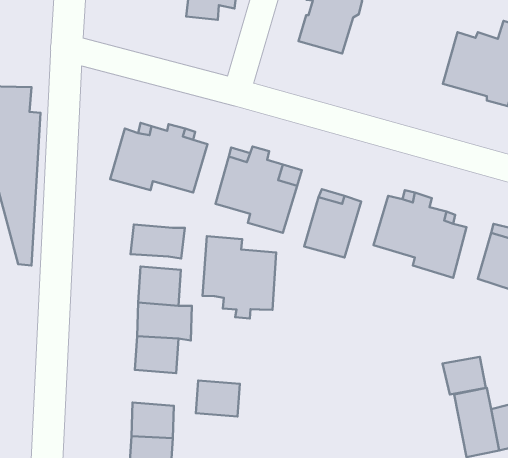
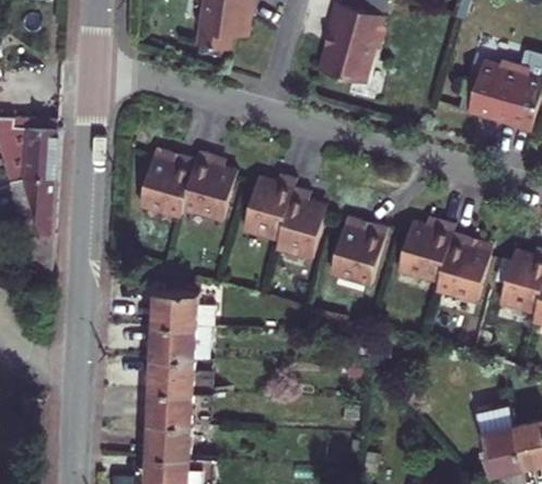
building: [130,224,185,258] -> none
building: [202,236,276,319] -> none
building: [442,357,486,395] -> none
building: [196,381,240,416] -> [157,391,199,426]

